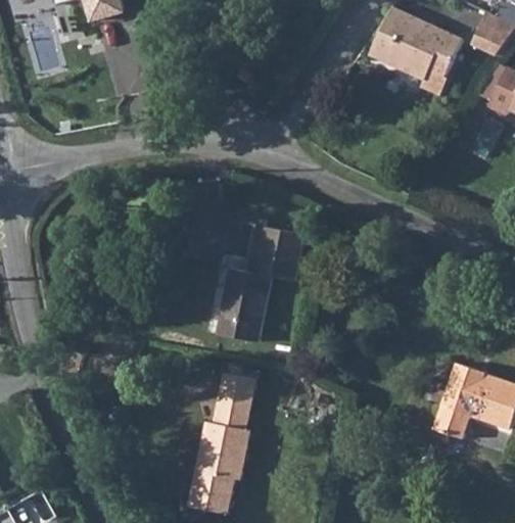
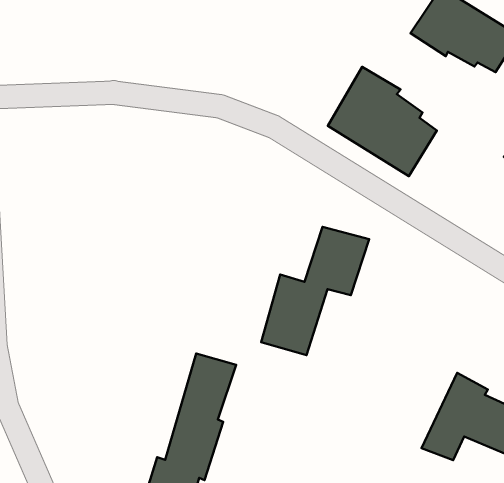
building: none -> [328,67,437,176]
building: [213,220,293,335] -> [261,227,369,355]

